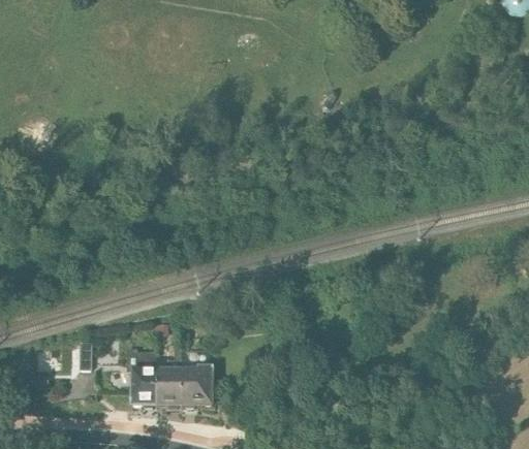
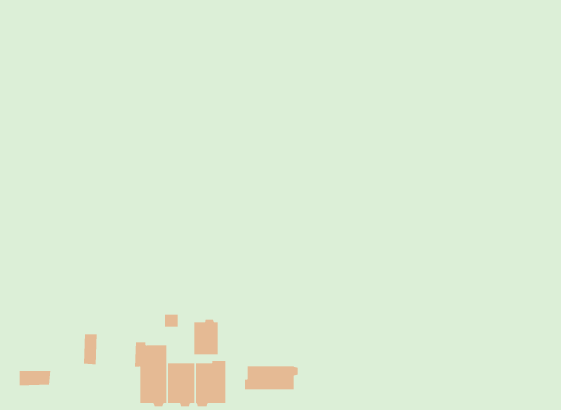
building: none -> [194,319,218,355]
building: none -> [244,365,298,390]

